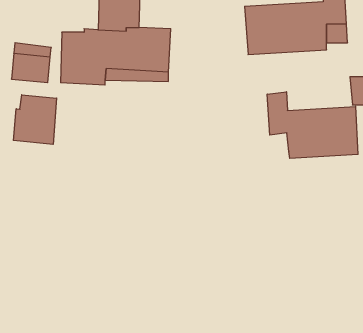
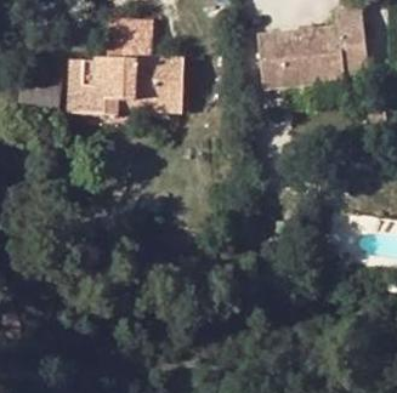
building: [267,92,358,158] -> none
building: [13,95,57,144] -> none

